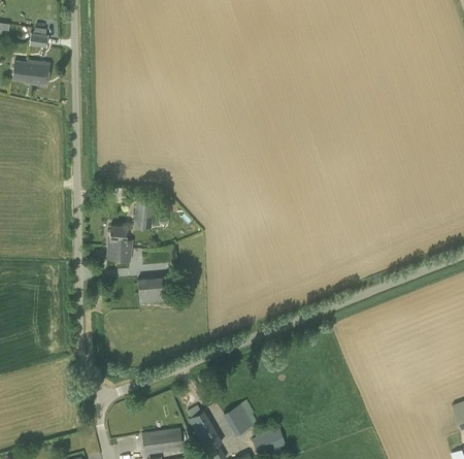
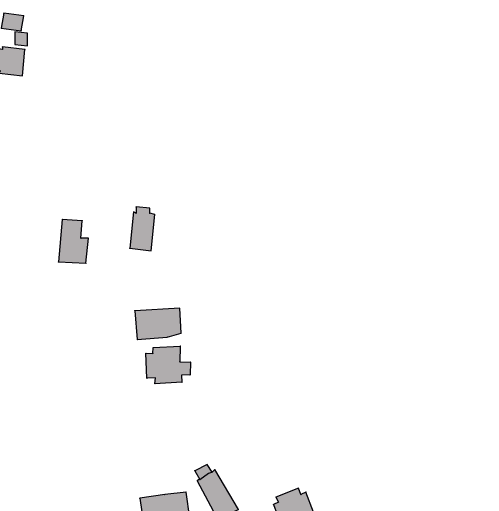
building: [108,225,133,261] -> [58,219,88,263]
building: none -> [146,346,190,384]
building: [224,401,254,435] -> none

